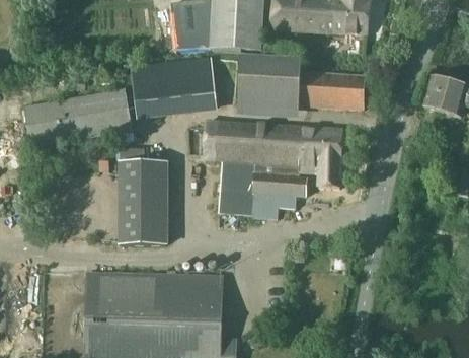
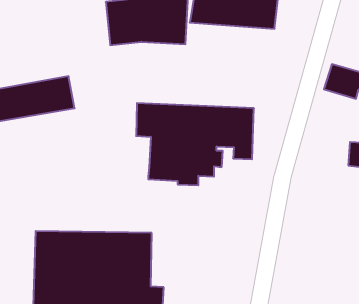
building: [130,54,217,116] -> none
building: [238,59,364,109] -> none
building: [118,160,163,246] -> none

